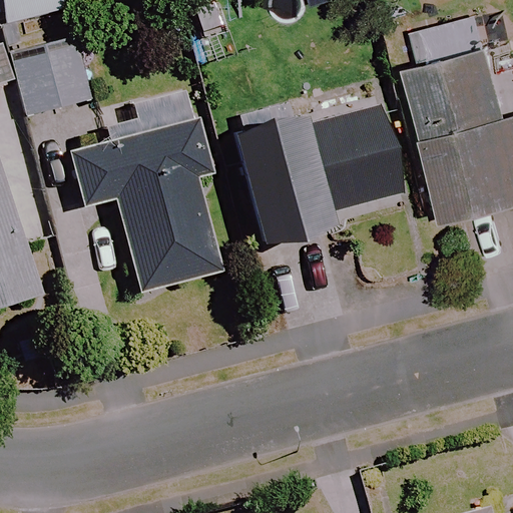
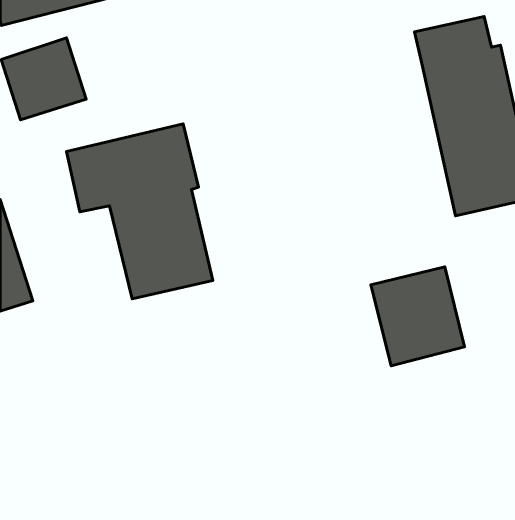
building: [229,90,410,247] -> none
building: none -> [371,267,464,366]

